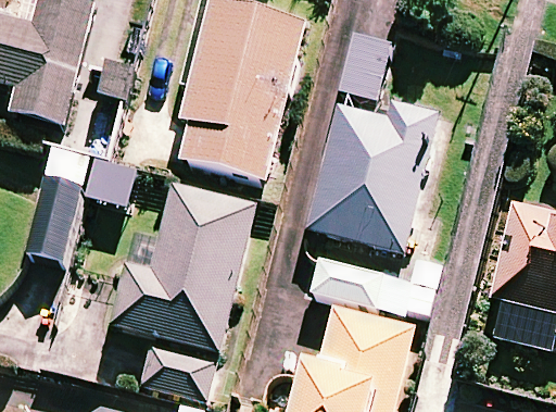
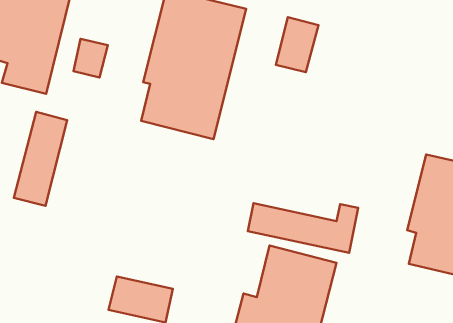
building: [307,98,440,252] -> none
building: [111,185,255,350] -> none

